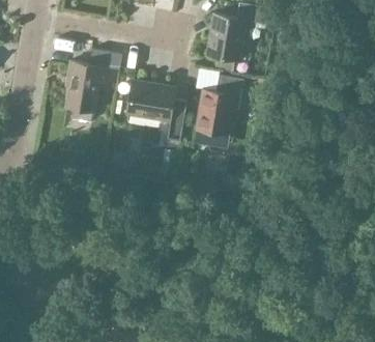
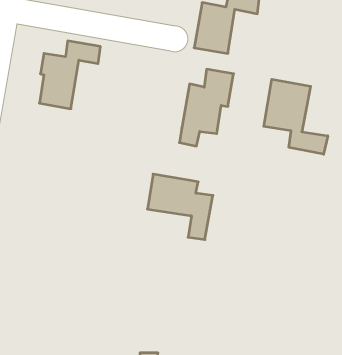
building: [127,81,188,141] -> [147,174,213,240]
building: none -> [264,79,328,154]

